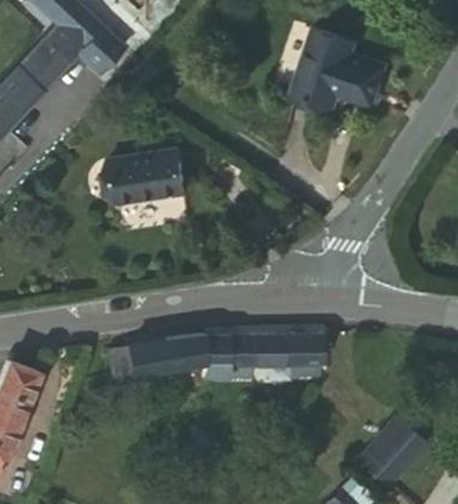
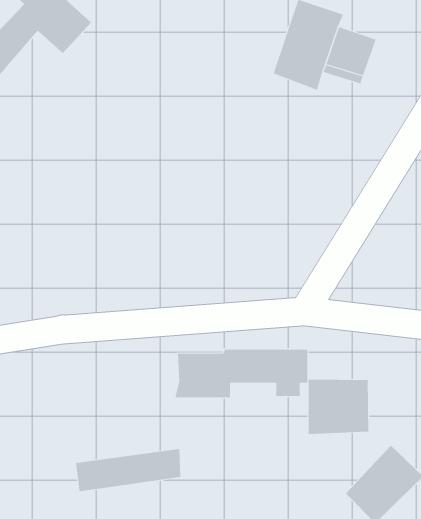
building: [91,163,168,218] -> none
building: [110,338,206,377] -> [75,448,181,492]
building: none -> [308,379,369,435]

